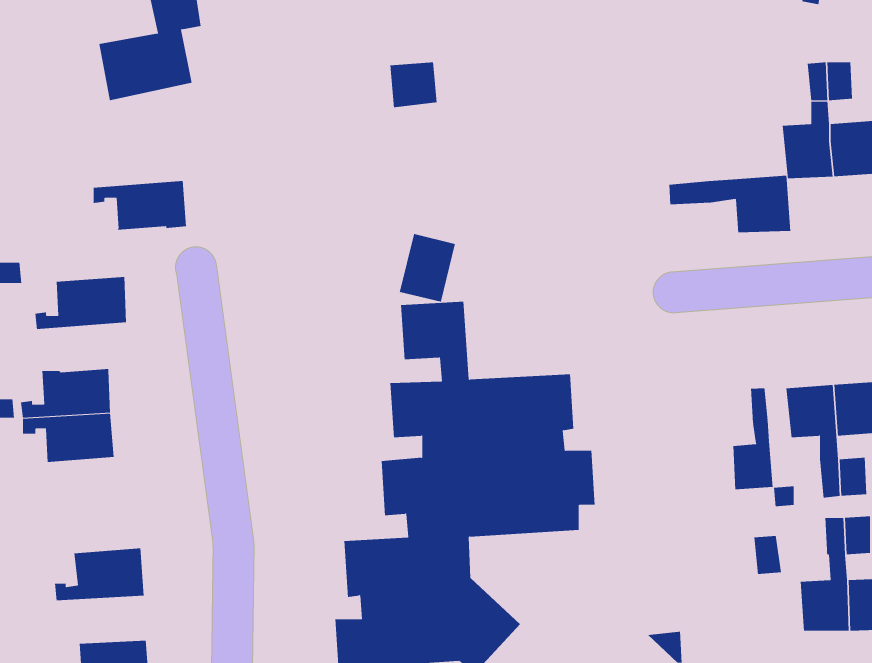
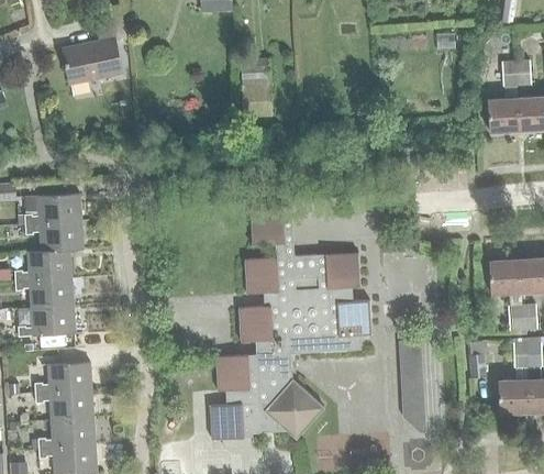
building: [669,175,791,233] -> none
building: [93,180,187,230] -> [24,221,82,252]
building: [399,233,456,302] -> none
building: [733,388,773,490] -> none
building: none -> [18,305,75,337]
building: none -> [36,390,92,420]

